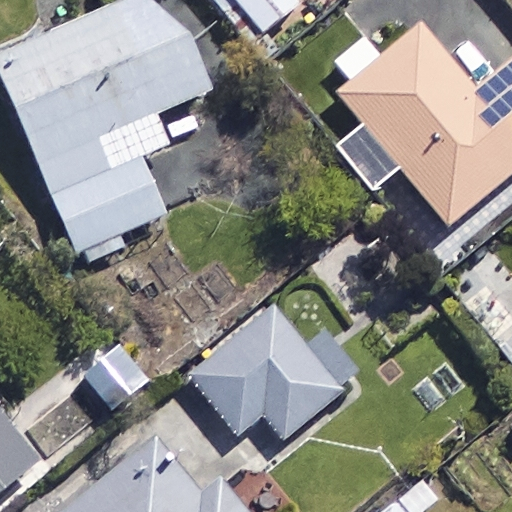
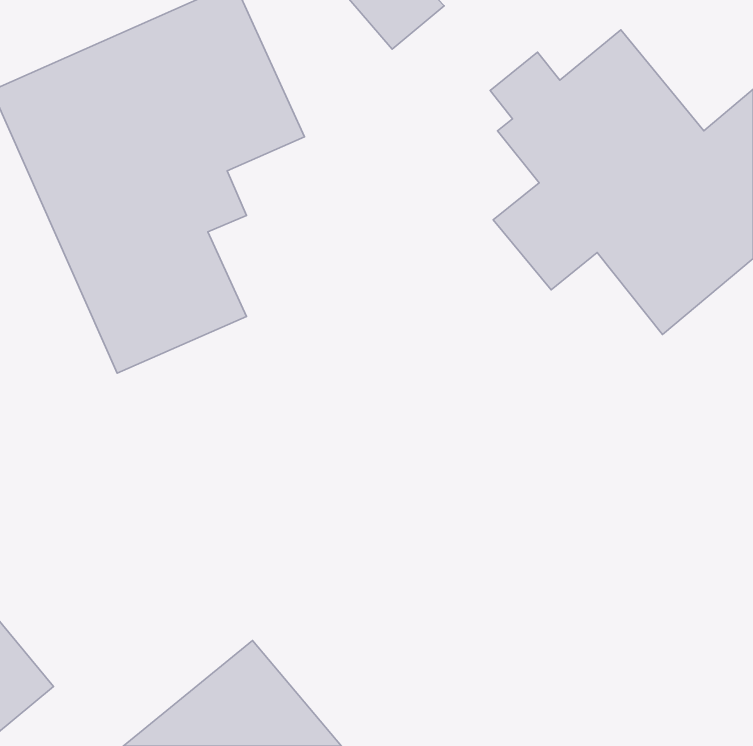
building: [189,301,349,439] -> none

